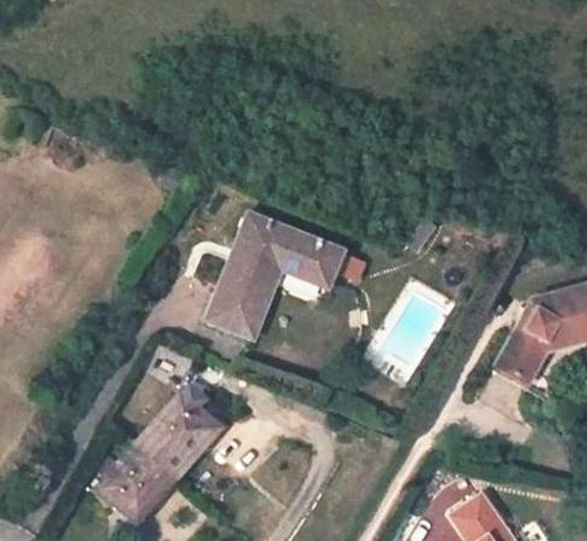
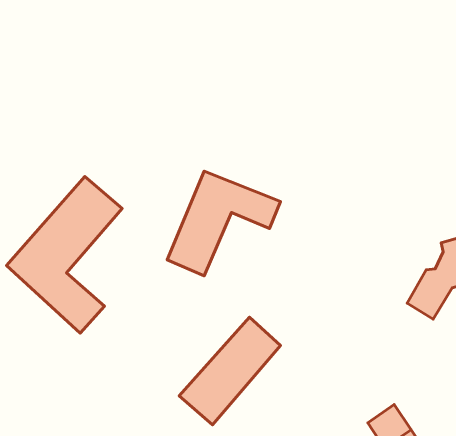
building: none -> [7,176,122,333]
building: [98,392,220,521] -> [179,317,281,425]

